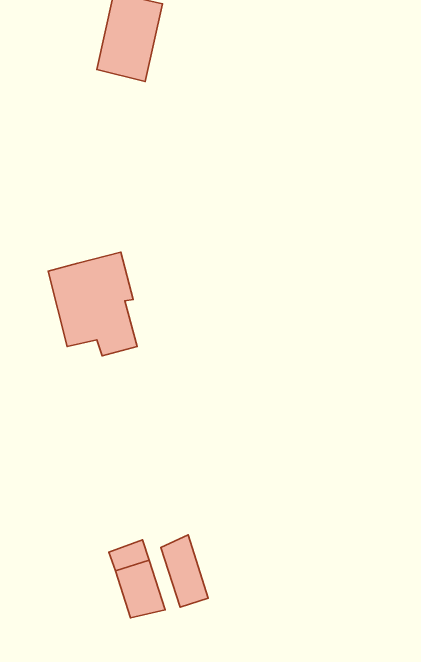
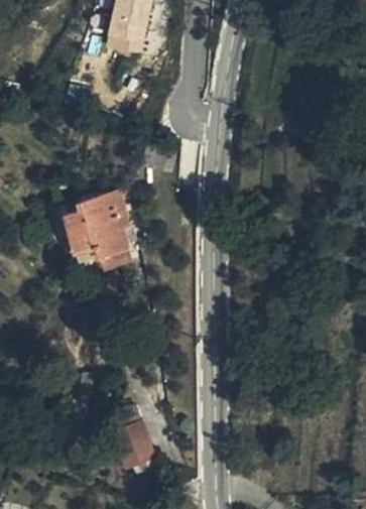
building: [161,535,208,607] -> none

